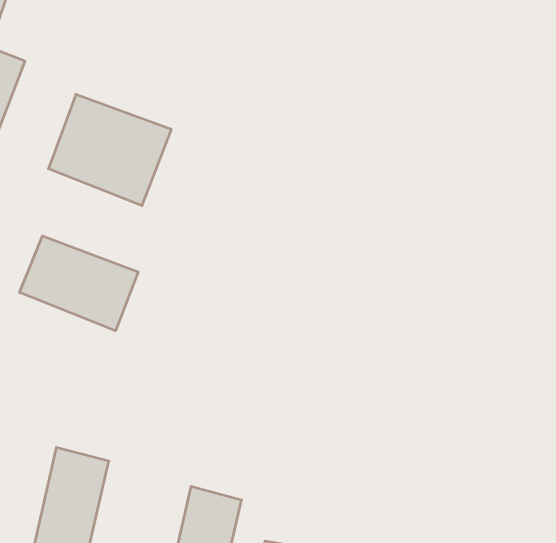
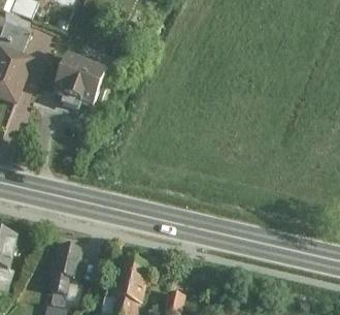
building: [20,236,138,331] -> none

